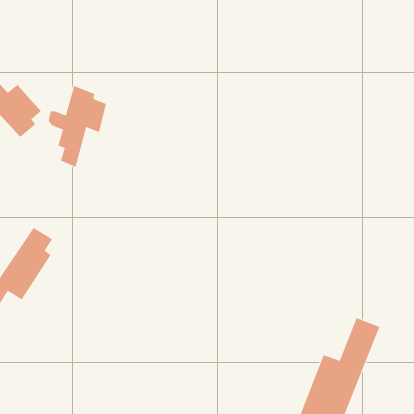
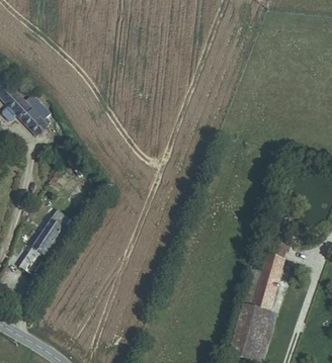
building: [48,85,106,168] -> none

